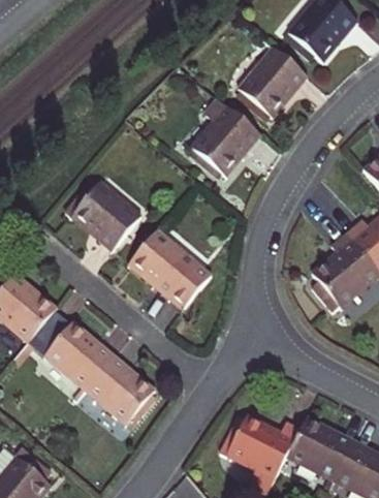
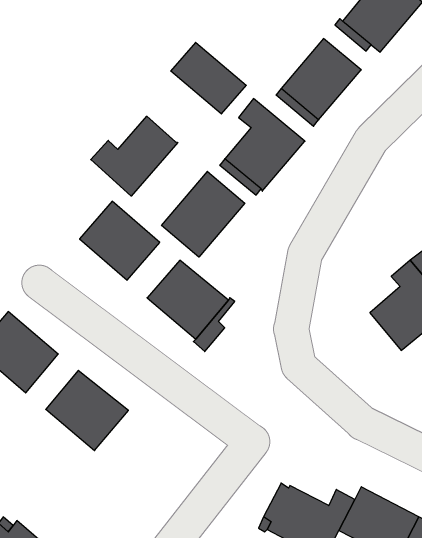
building: none -> [171,42,246,114]
building: none -> [91,116,178,196]
building: none -> [162,171,245,257]
building: [86,354,154,423] -> none

